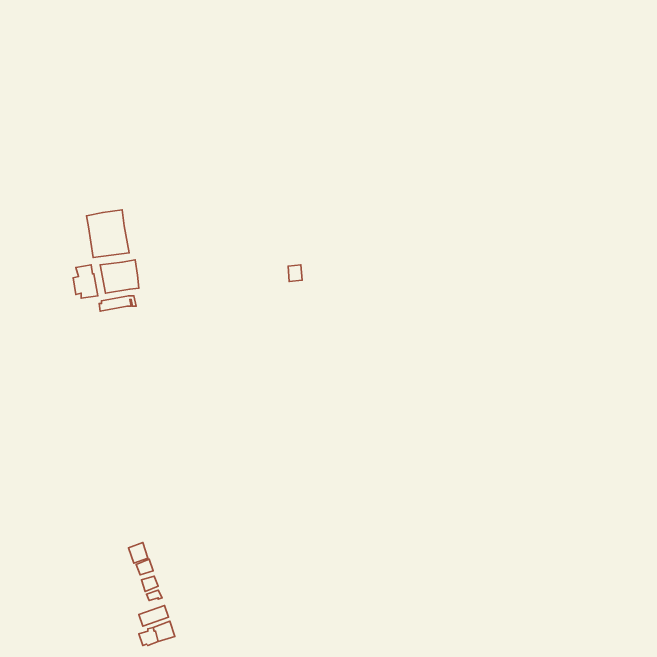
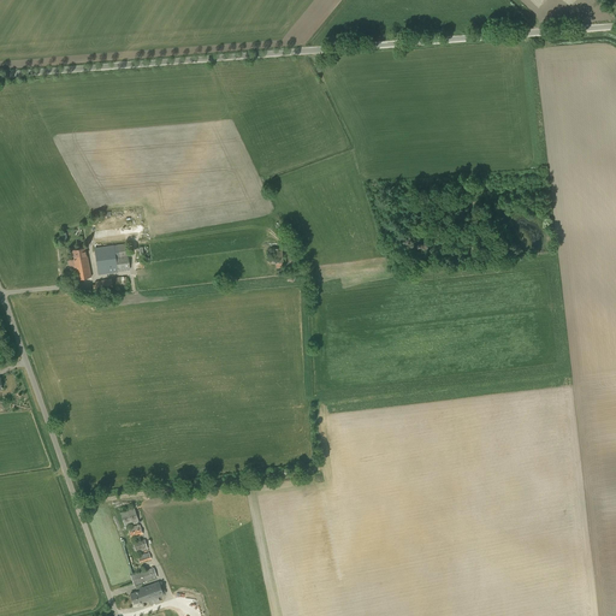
building: [87,210,129,257] -> none

